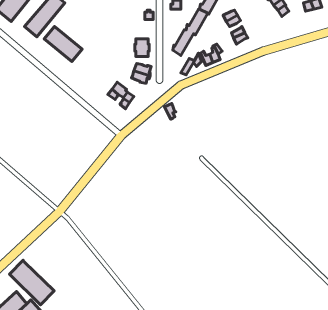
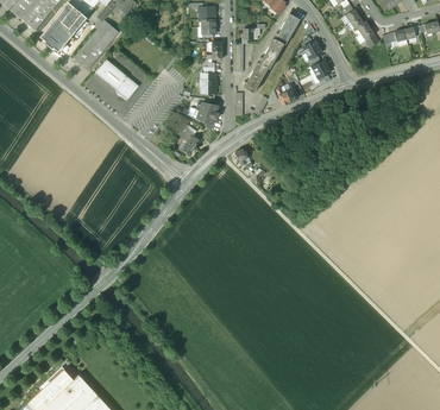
building: [9,260,54,305] -> none

